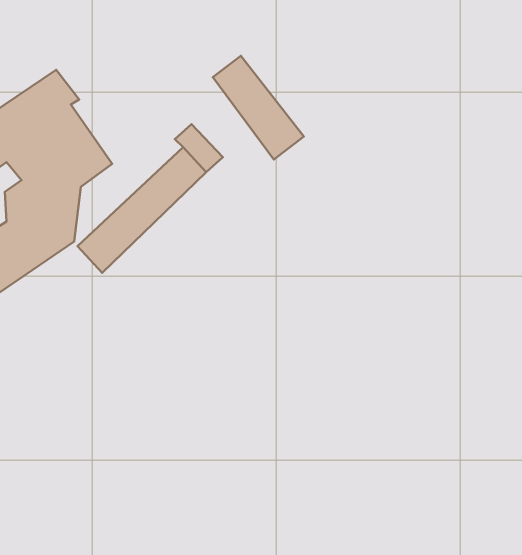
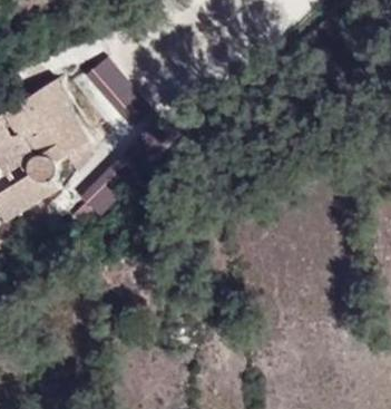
building: [213,56,304,160] -> [82,58,144,128]

